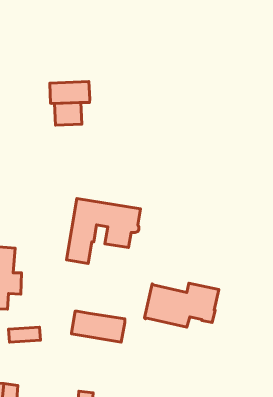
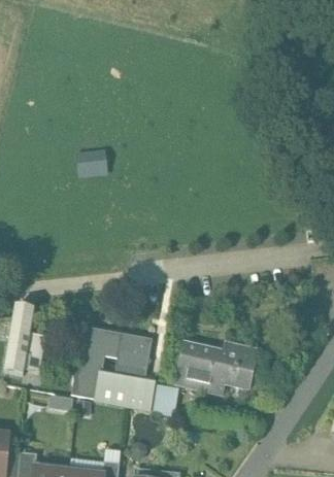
building: [50,82,90,103] -> none
building: [66,199,141,263] -> [72,326,154,397]
building: none -> [151,385,177,411]

